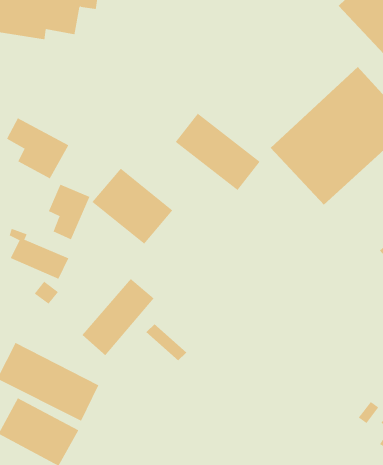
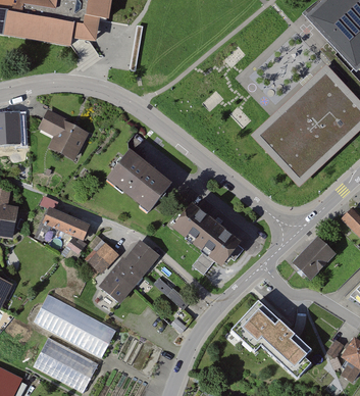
building: [175,113,260,191] -> [176,204,246,267]
building: [48,184,90,240] -> none
building: none -> [84,234,119,276]
building: none -> [296,236,333,274]
building: none -> [224,298,315,381]

